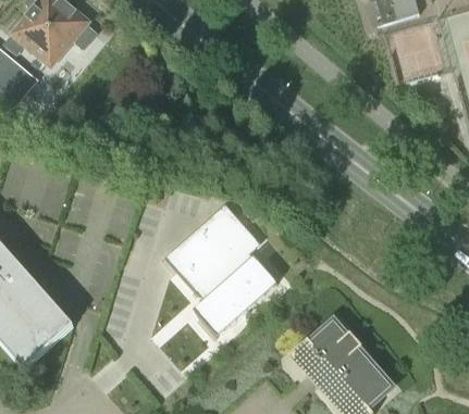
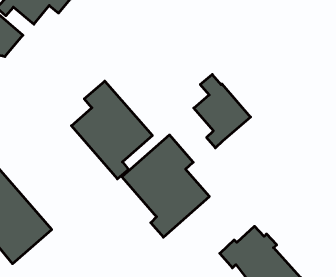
building: none -> [194,74,251,148]
building: none -> [71,81,152,179]

